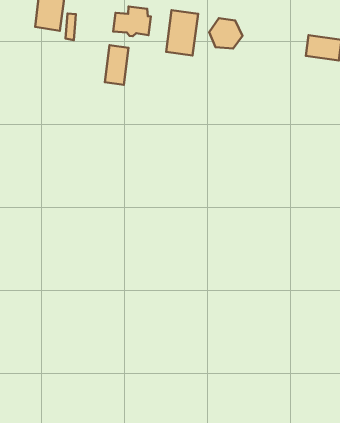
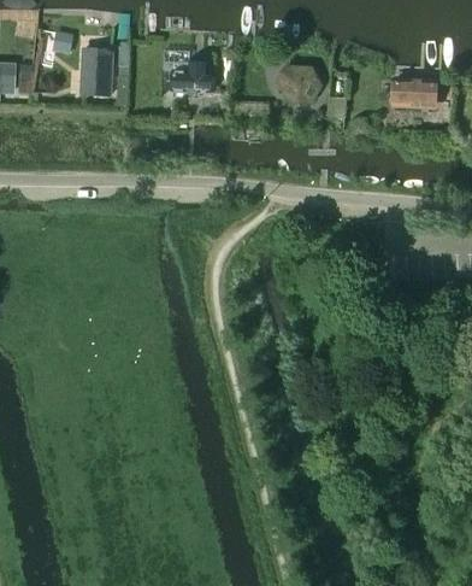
building: [166,10,198,55] -> none
building: [105,45,129,85] -> none

